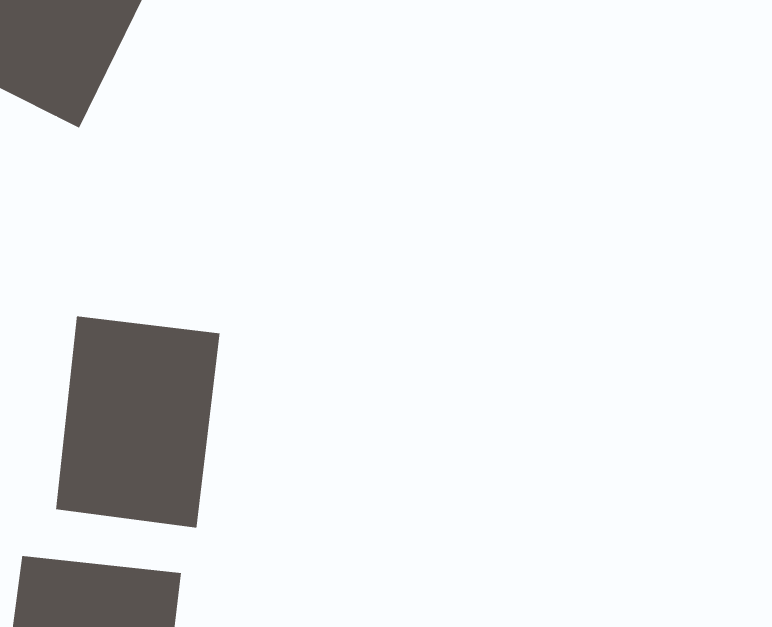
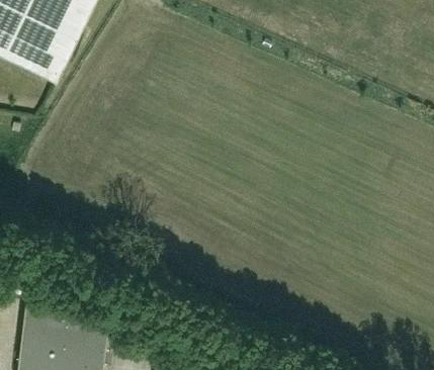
building: [55,316,220,529] -> none

